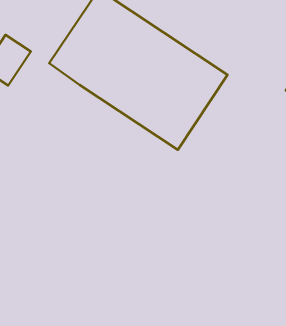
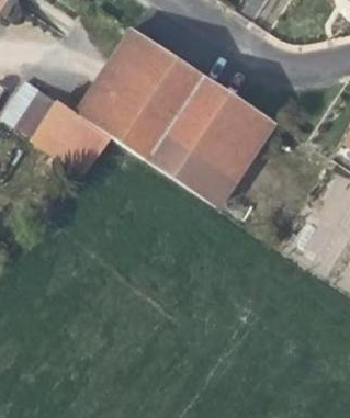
building: none -> [30,98,110,172]

